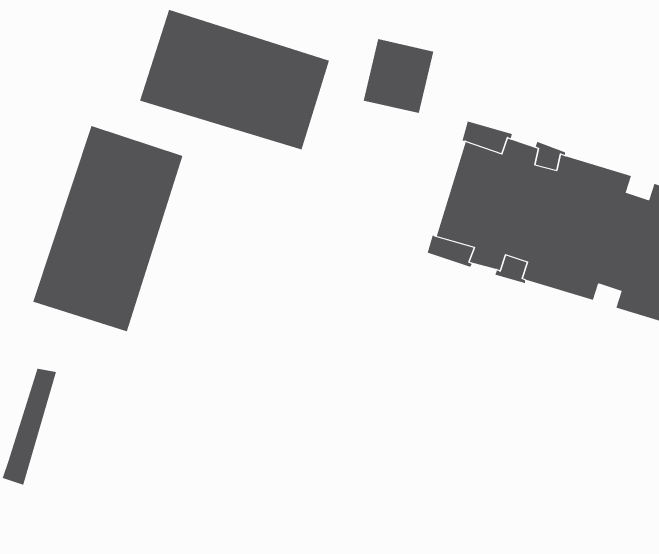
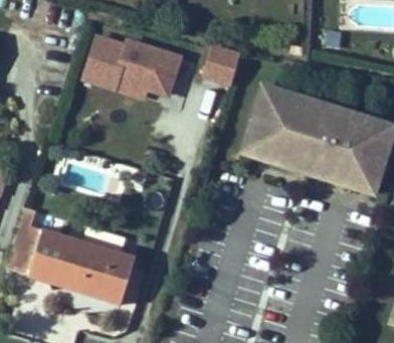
building: [32,125,183,332] -> none
building: none -> [26,231,134,308]

